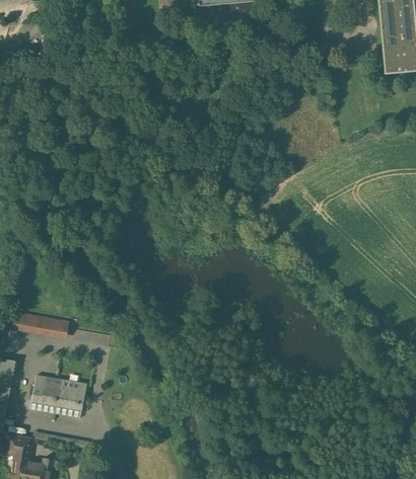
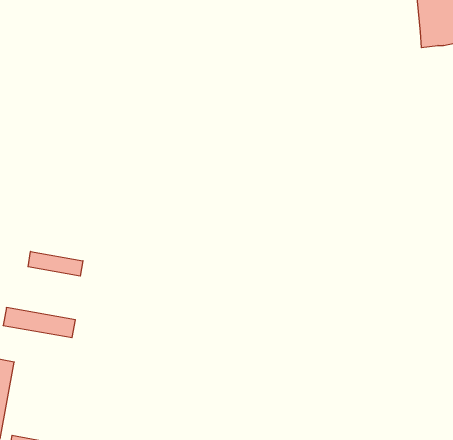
building: none -> [28,251,83,276]
building: [30,374,87,417] -> none

